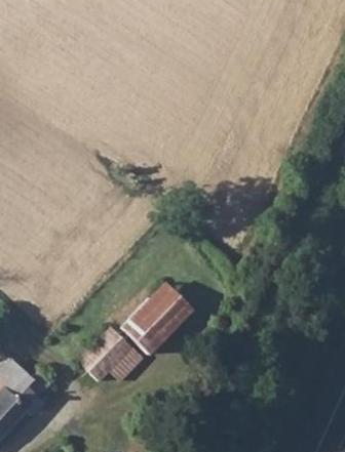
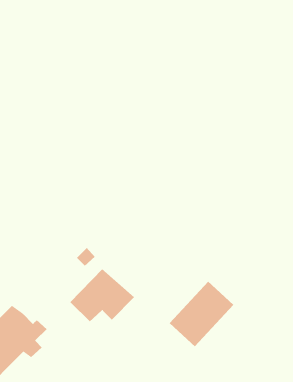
building: [121,282,191,353] -> [169,281,234,347]

